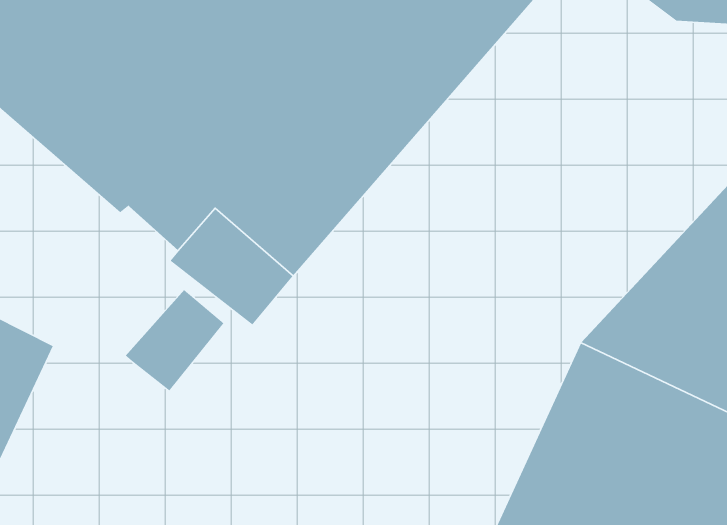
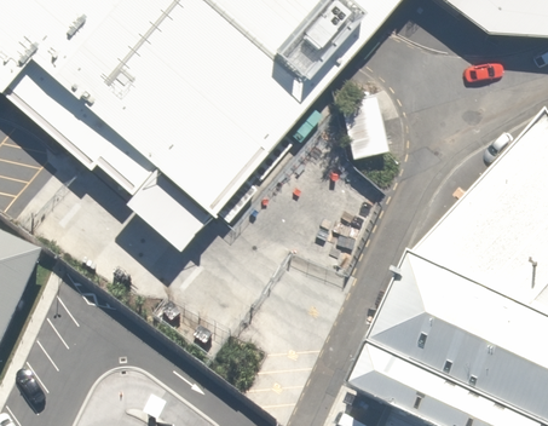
building: [125,289,224,392] -> none

